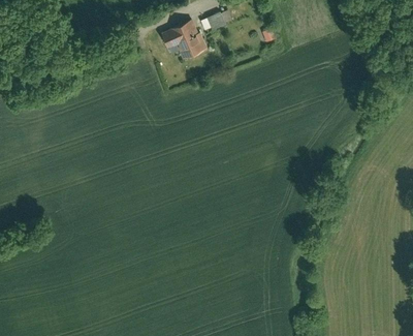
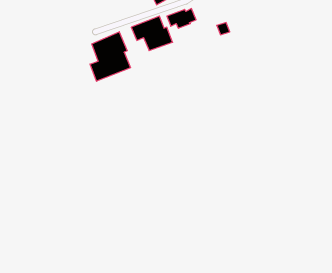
building: none -> [90,32,130,81]

